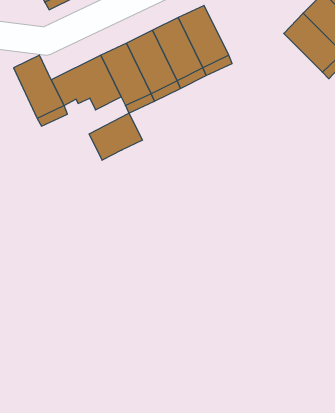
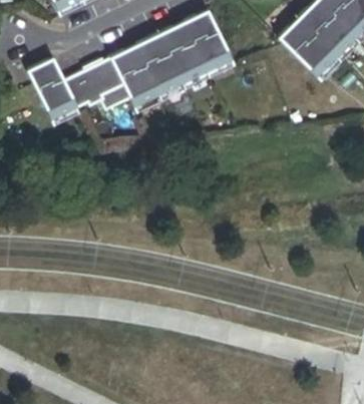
building: [89,113,142,160] -> none

